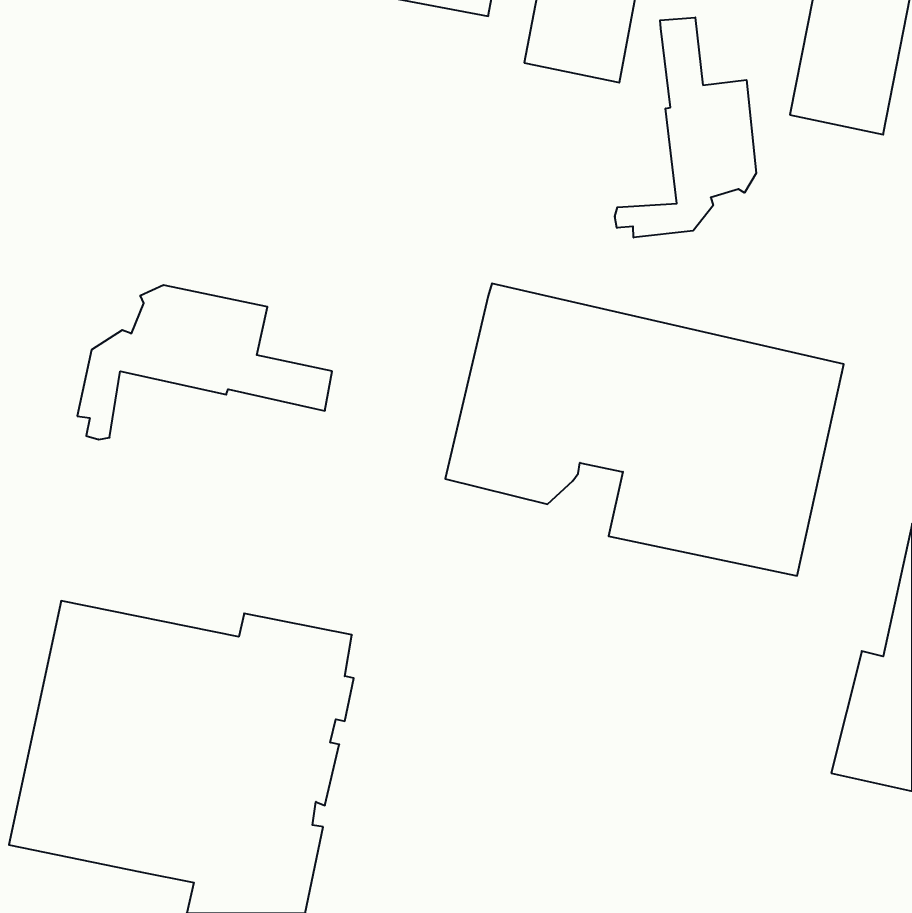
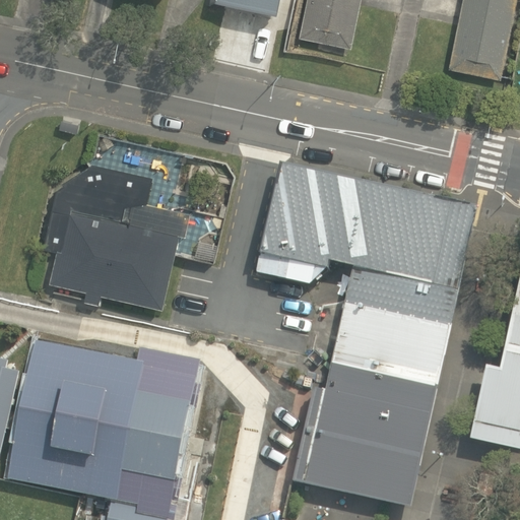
building: [615,17,756,238] -> none
building: none -> [48,210,179,306]
building: none -> [291,304,451,507]

